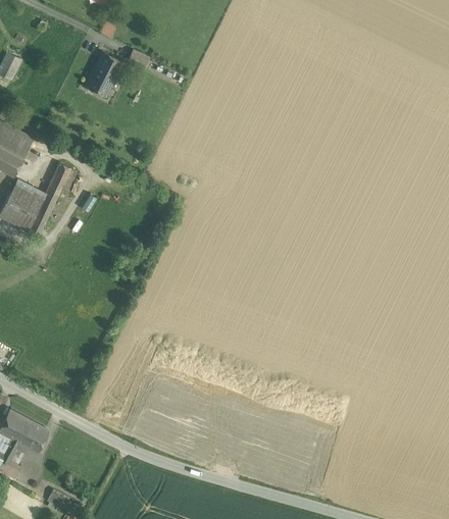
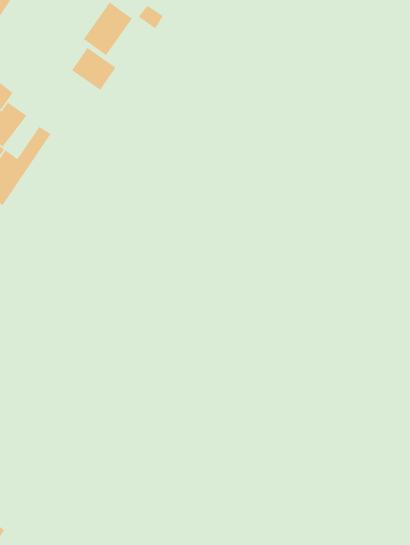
building: none -> [71,47,117,91]

